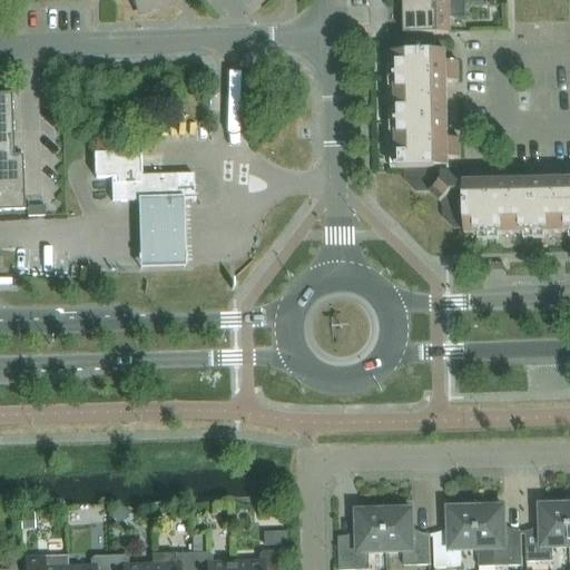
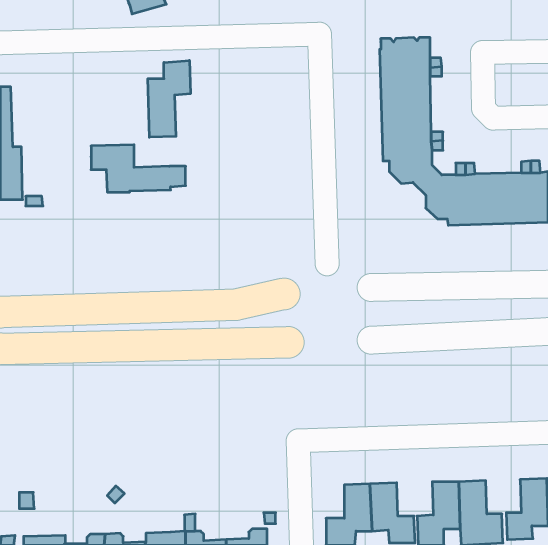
building: [403,4,465,31] -> none
building: none -> [148,60,190,137]
building: [135,197,187,275] -> none

